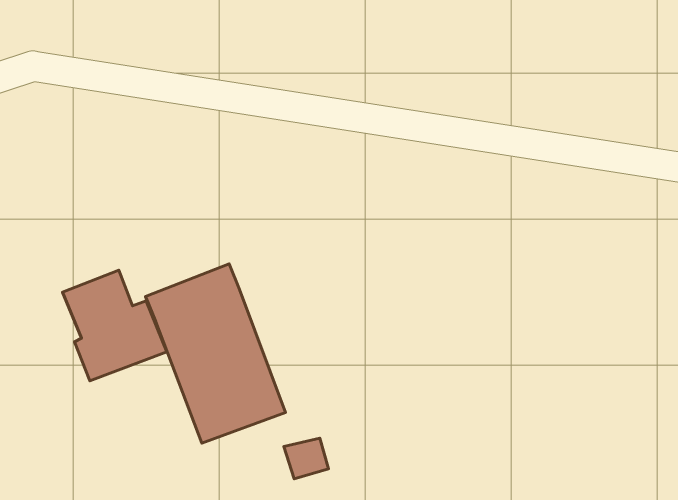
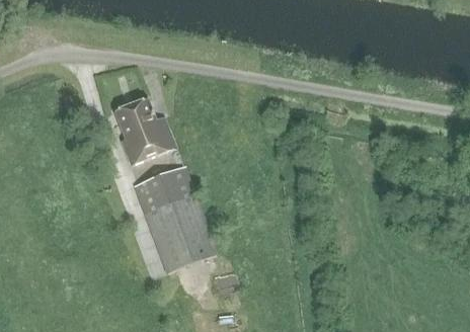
building: [63,270,167,381] -> [112,98,174,164]

